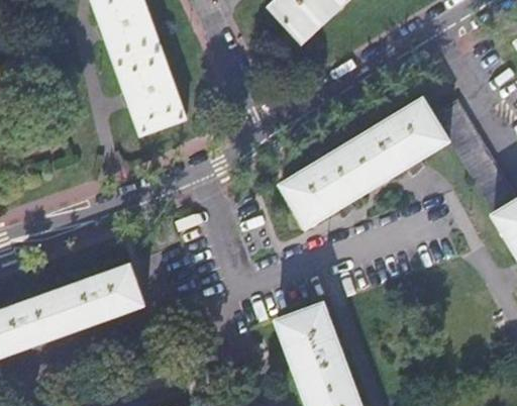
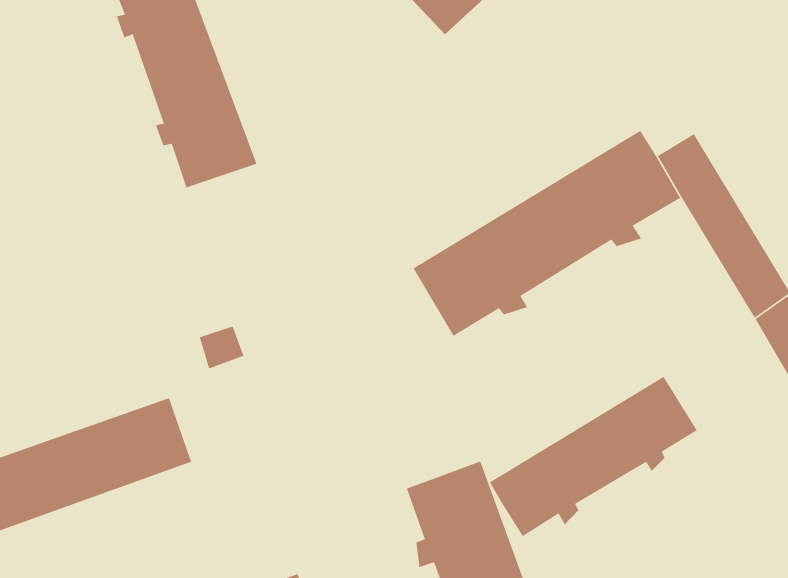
building: none -> [489,376,698,537]

